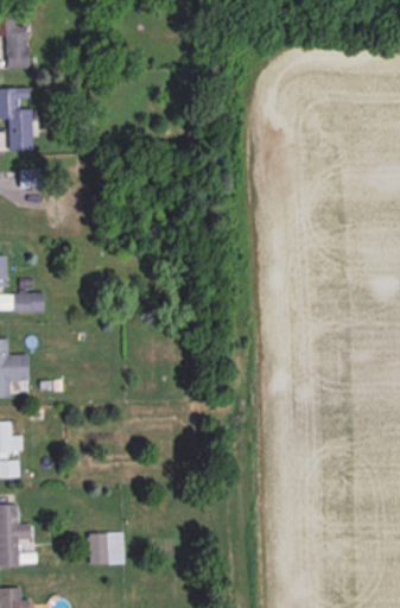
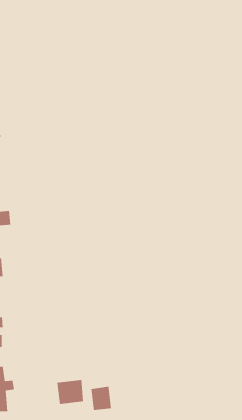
building: none -> [91,386,111,411]

